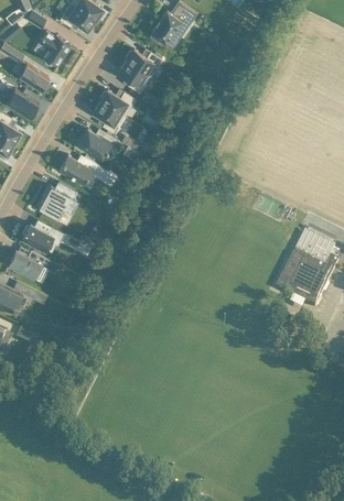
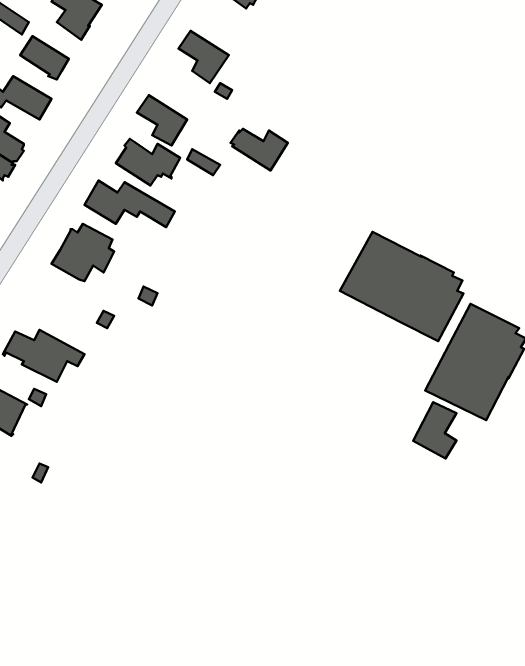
building: [125,50,161,76] -> none
building: [98,90,135,117] -> [231,129,288,171]
building: none -> [340,232,464,341]
building: [21,224,64,251] -> none
building: none -> [413,402,457,458]

